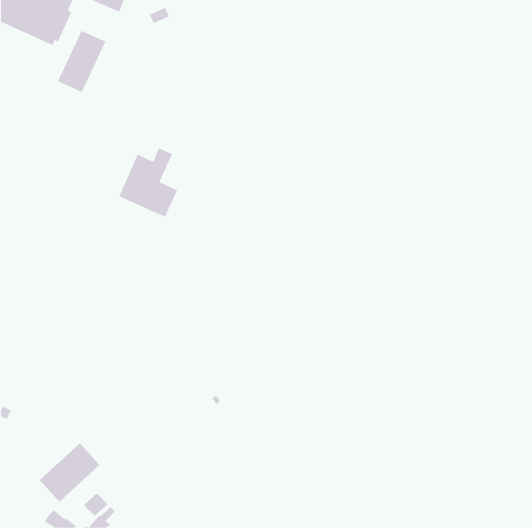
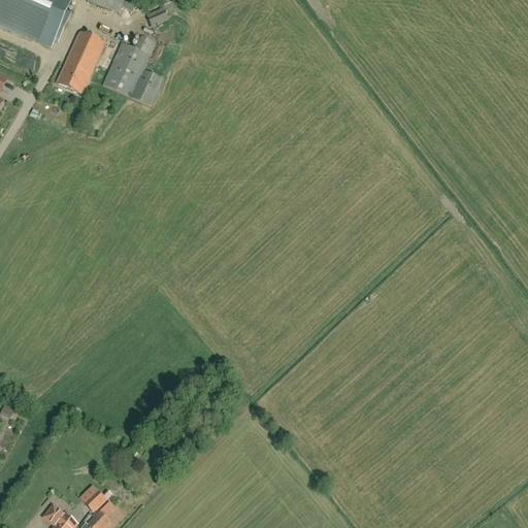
building: [119,148,178,217] -> [102,34,161,103]
building: [39,442,100,503] -> none

